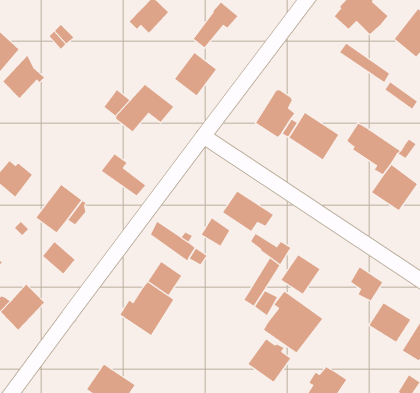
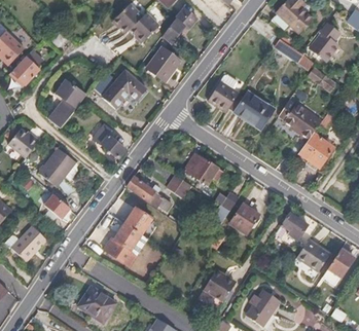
building: none -> [129,13,158,46]
building: none -> [46,81,84,128]
building: [263,291,323,353] -> none

